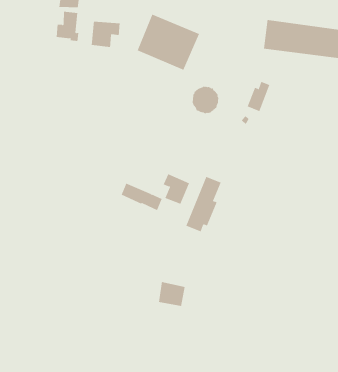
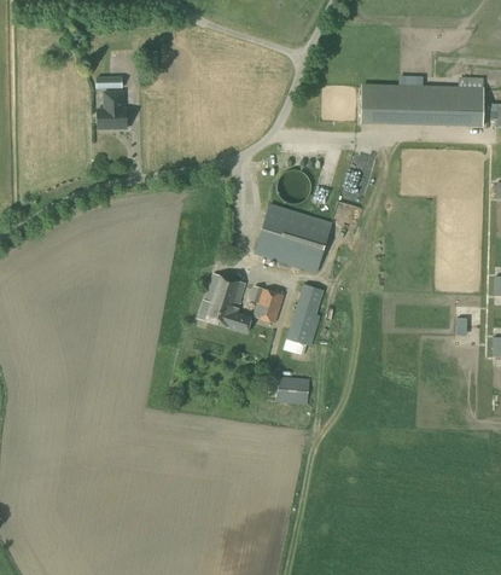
building: [137,14,200,70] -> [255,205,332,273]
building: [91,21,120,48] -> none
building: none -> [203,274,245,314]
building: [158,281,186,306] -> [278,377,310,406]

